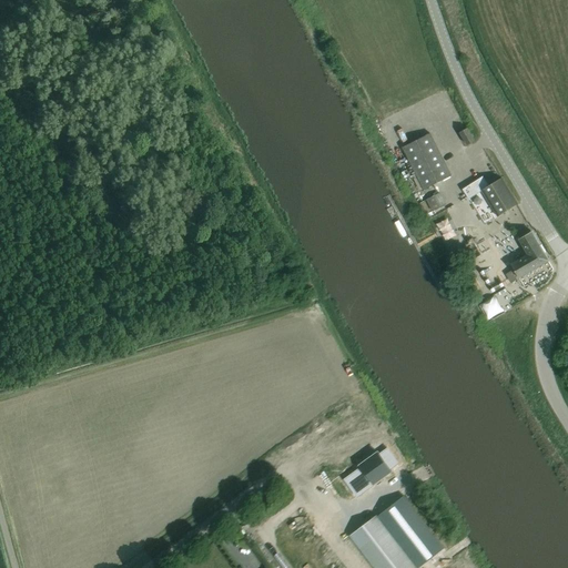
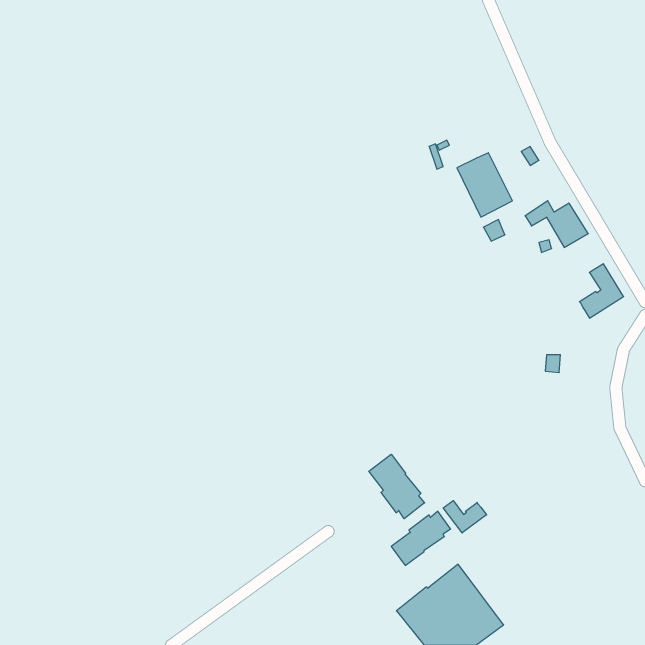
building: none -> [369,454,425,519]
building: none -> [443,501,487,533]

